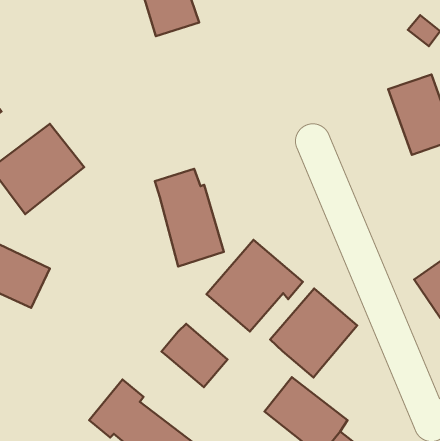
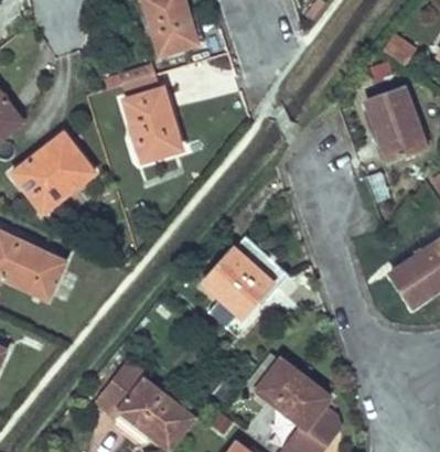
building: [155,169,224,266] -> [119,73,181,160]
building: [270,289,357,378] -> none
building: [161,324,228,387] -> none

